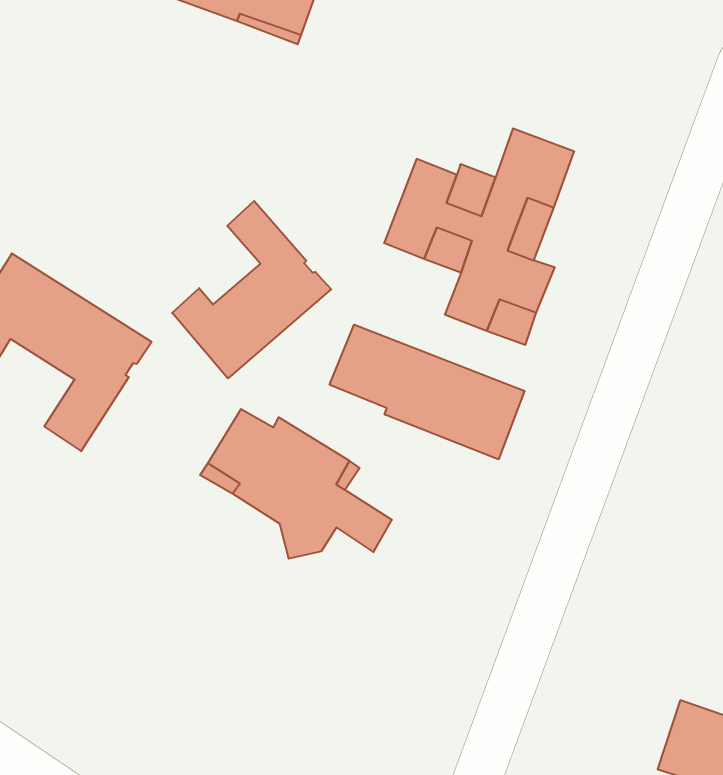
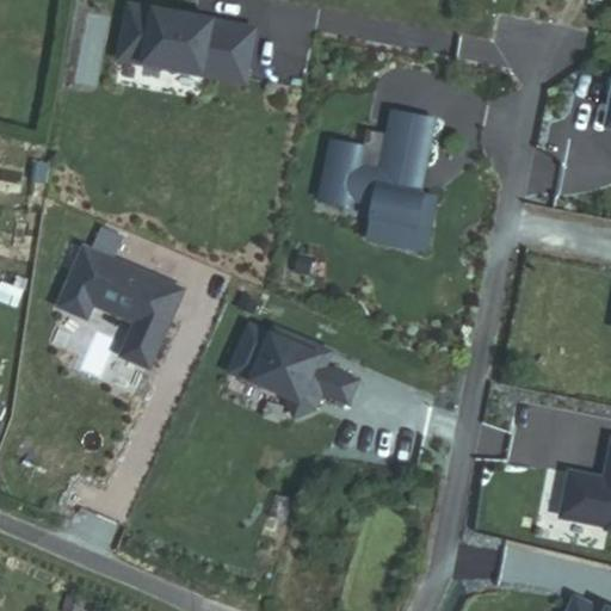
building: [172,201,331,378] -> none
building: [330,325,524,459] -> none

